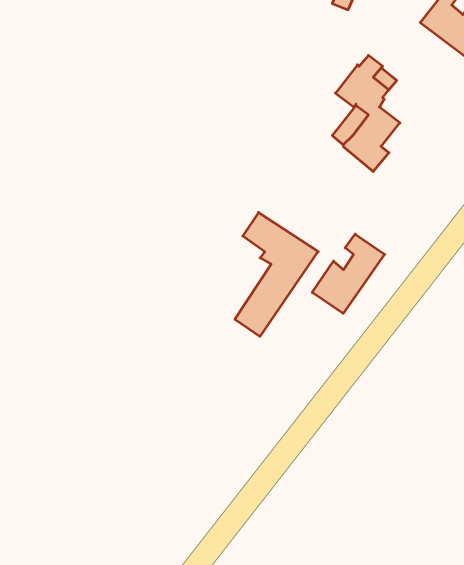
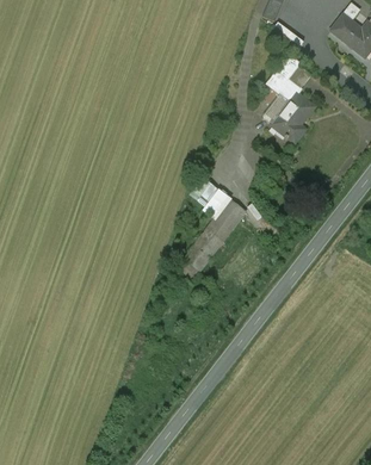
building: [312,234,385,313] -> none

